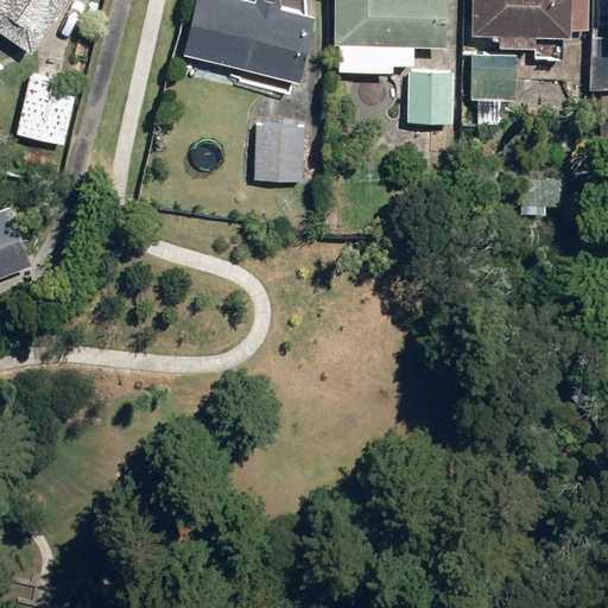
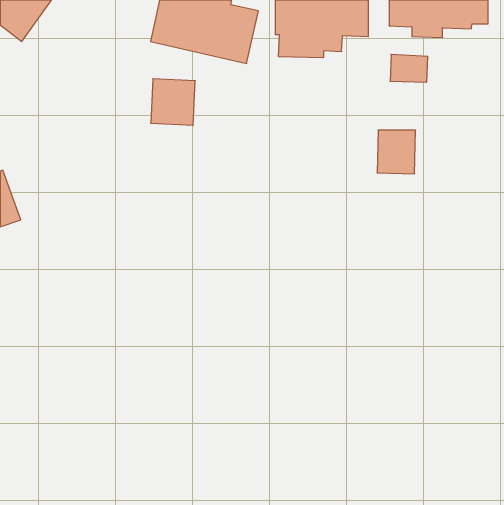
building: [407,70,454,122] -> [377,130,416,174]
building: [15,75,76,144] -> none
building: [253,125,306,180] -> [151,79,195,125]

